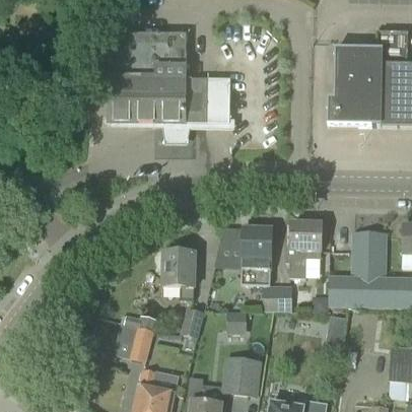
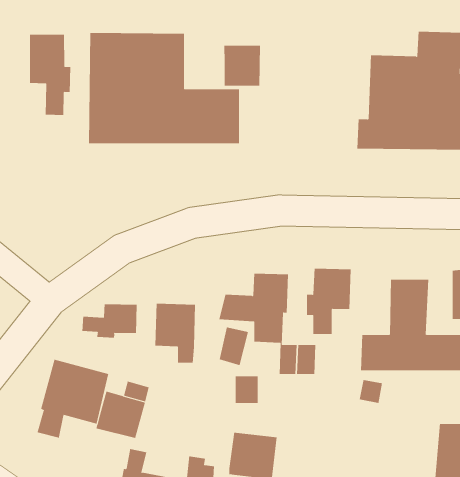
building: none -> [29,34,71,116]
building: none -> [224,45,261,86]
building: none -> [82,303,137,338]
building: none -> [37,359,109,439]
building: [181,306,205,338] -> [219,327,249,366]

